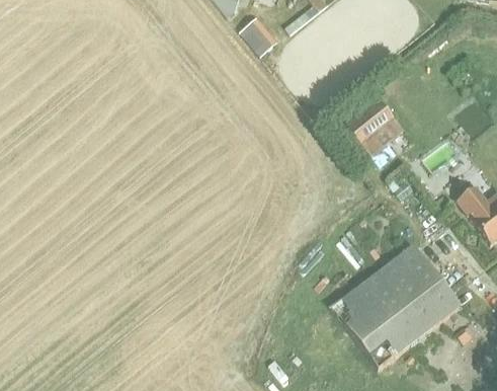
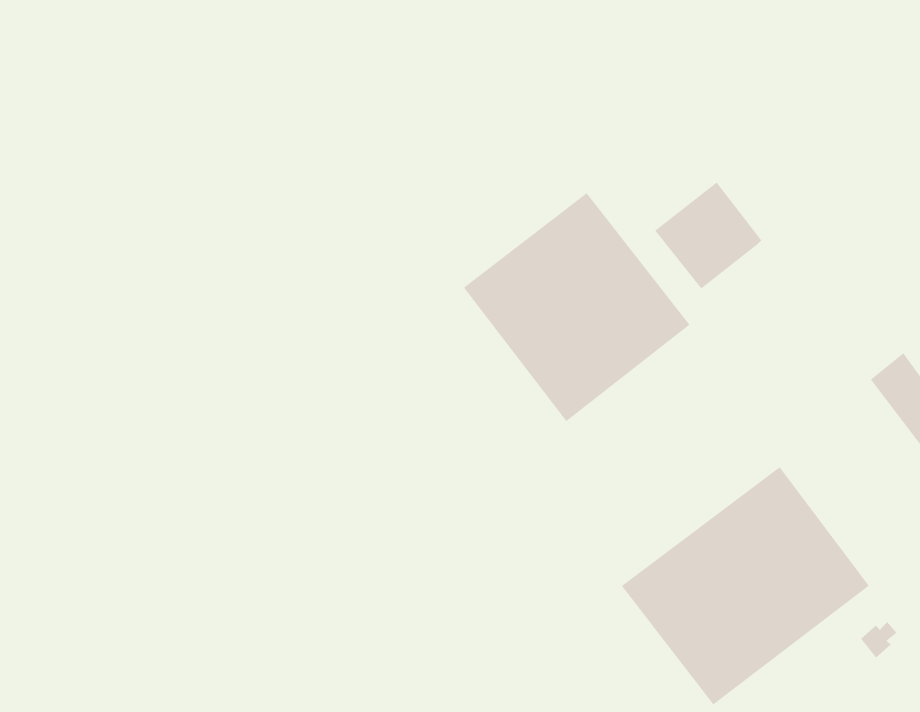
building: [241,17,276,54] -> none
building: none -> [463,192,691,422]

